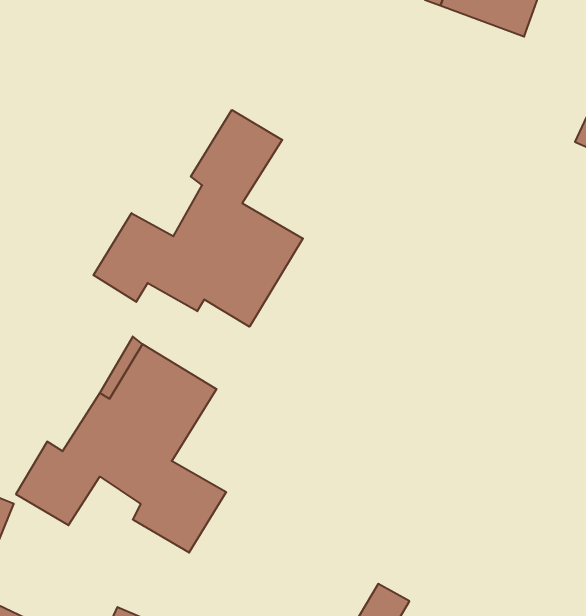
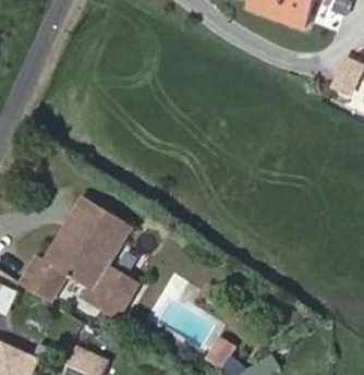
building: [93,110,303,327] -> none

